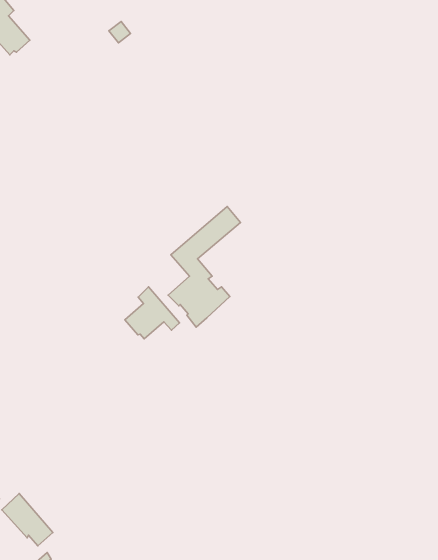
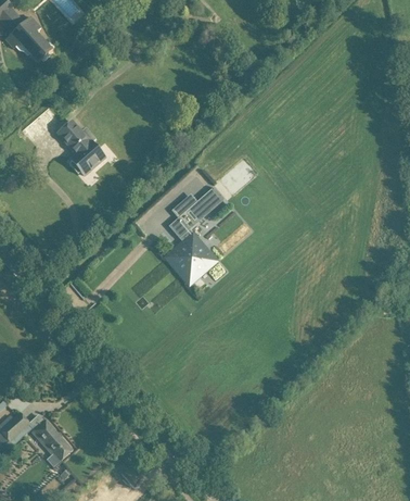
building: none -> [57,121,105,175]
building: [125,287,179,339] -> none

